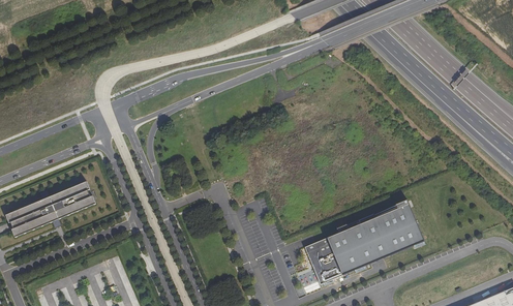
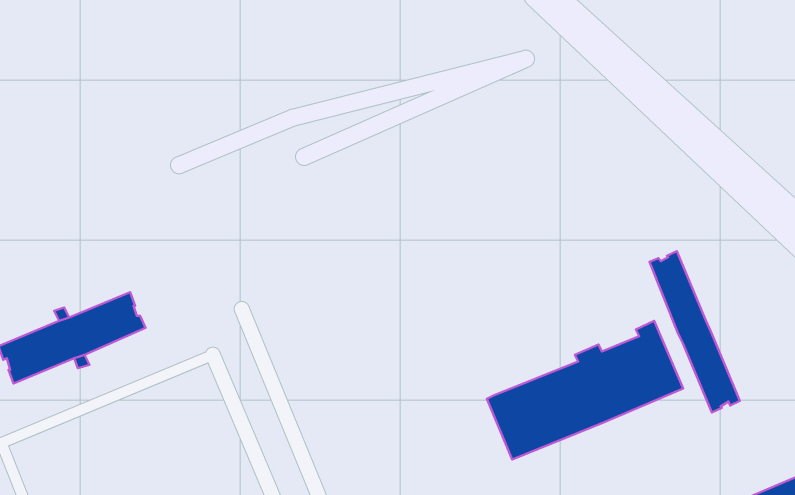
building: none -> [650,251,740,413]

